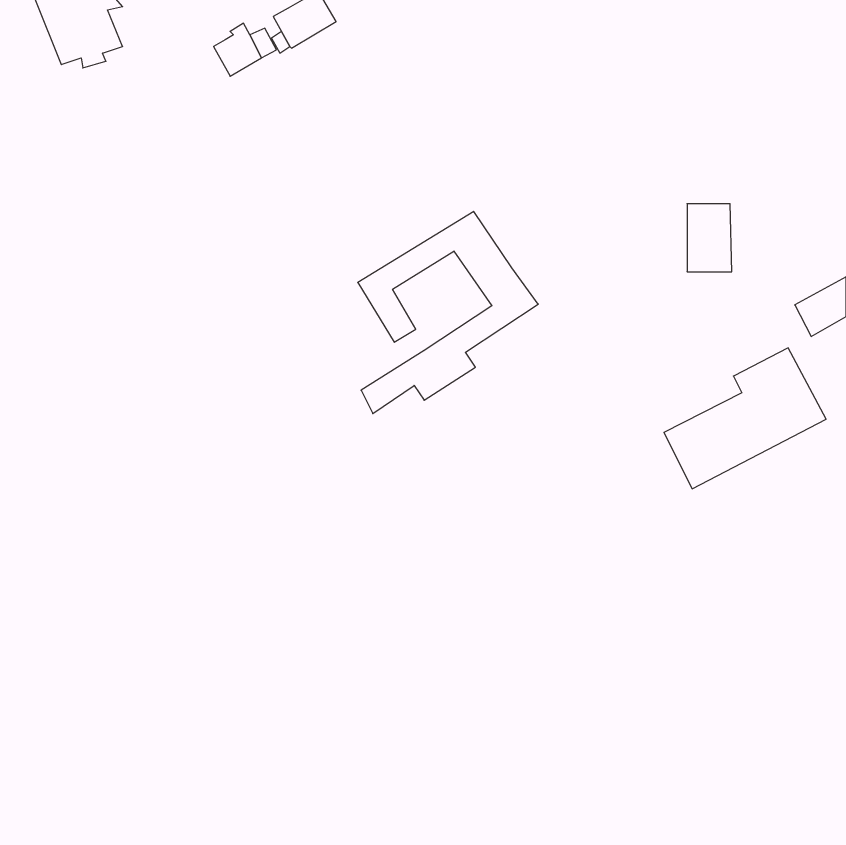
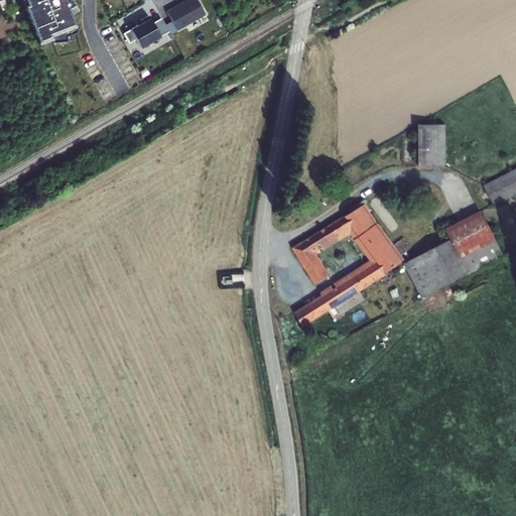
building: [358,211,538,414] -> [293,204,403,327]

